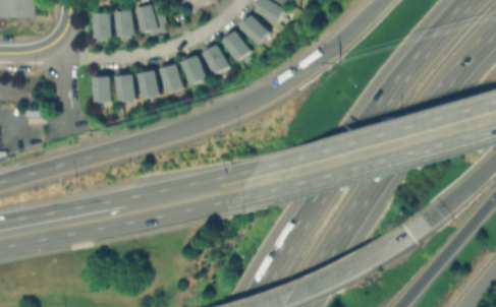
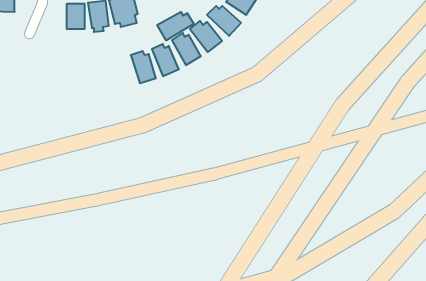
building: none -> [157,12,194,40]
building: [135,67,159,99] -> none
building: [113,71,134,102] -> none
building: [92,73,110,102] -> none

